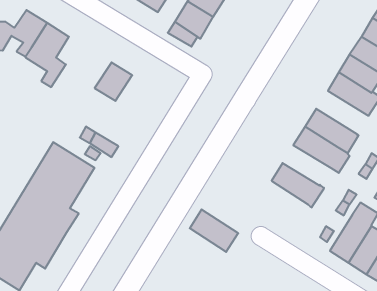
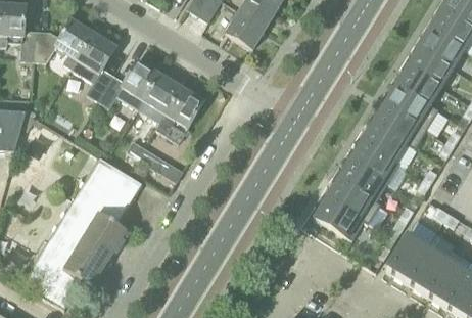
building: none -> [97,58,159,106]
building: none -> [154,86,204,134]
building: none -> [371,102,425,147]
building: none -> [336,158,386,200]
building: [190,209,238,252] -> [313,195,363,239]

